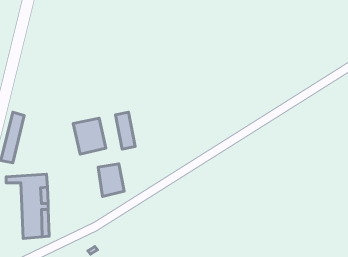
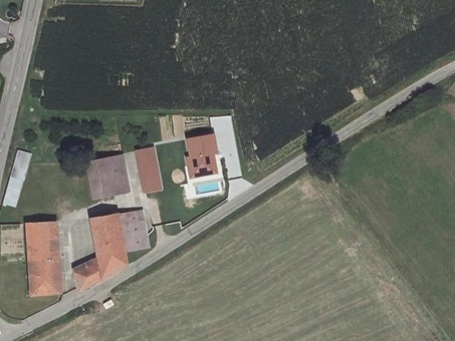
building: none -> [187,135,216,178]
building: none -> [72,213,125,290]

